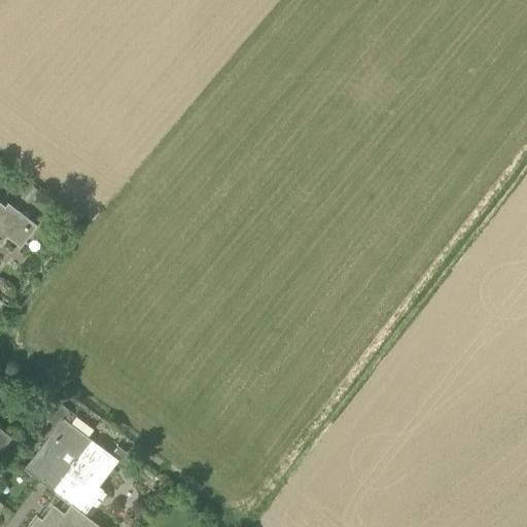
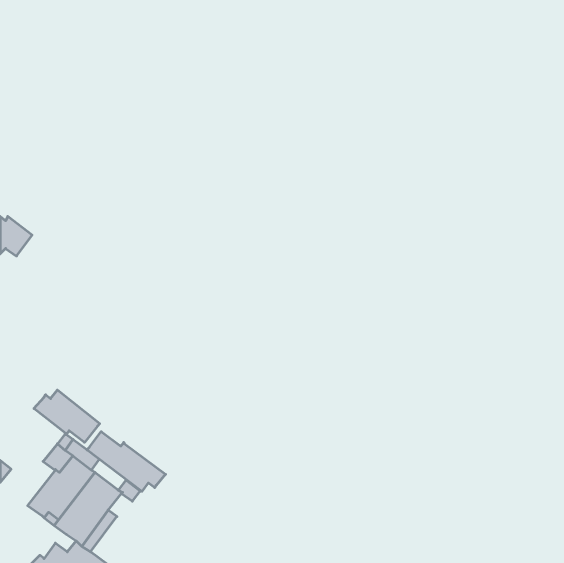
building: none -> [34,390,100,442]
building: none -> [87,432,166,491]

